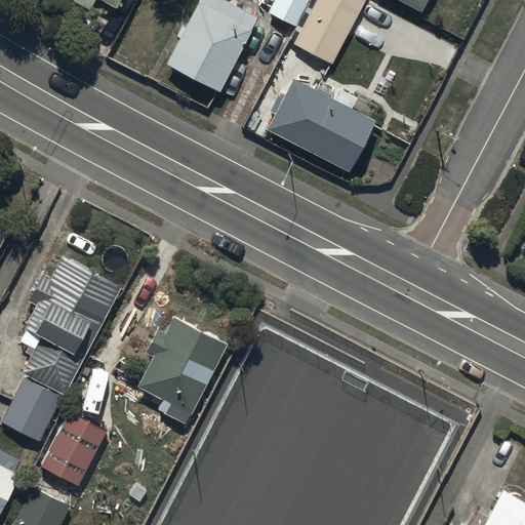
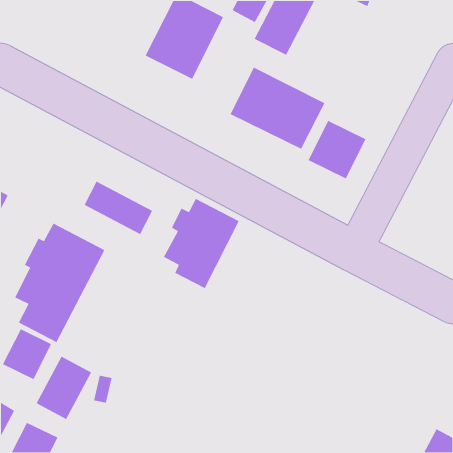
building: none -> [308,120,366,179]
building: none -> [83,180,153,235]
building: [136,318,226,423] -> [163,198,240,289]

